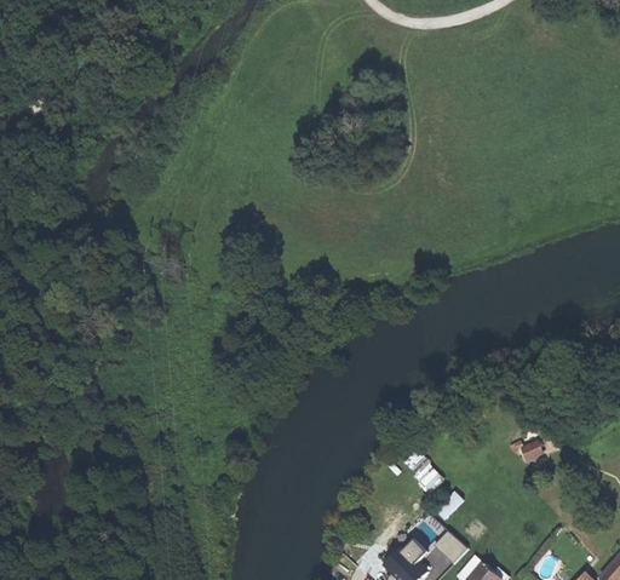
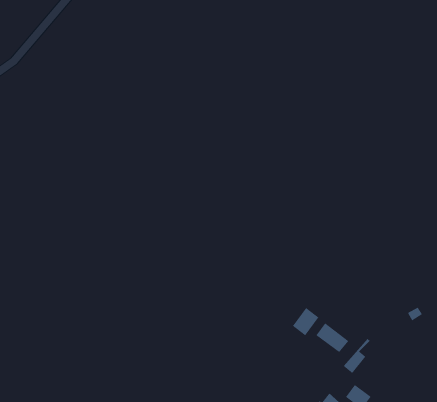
building: none -> [292,307,319,336]

